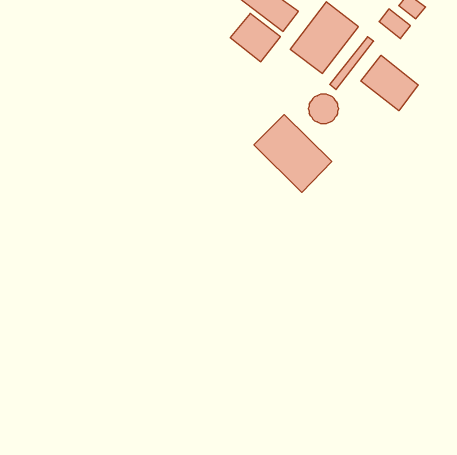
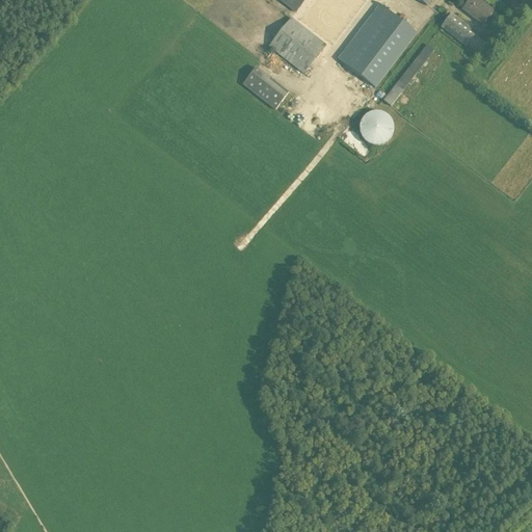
building: [361,55,418,111] -> none
building: none -> [241,64,288,108]
building: [254,115,332,192] -> none

